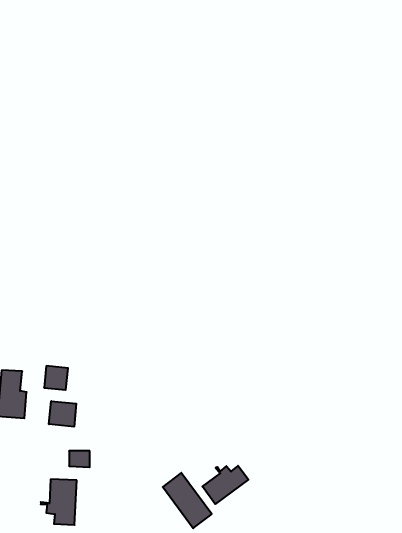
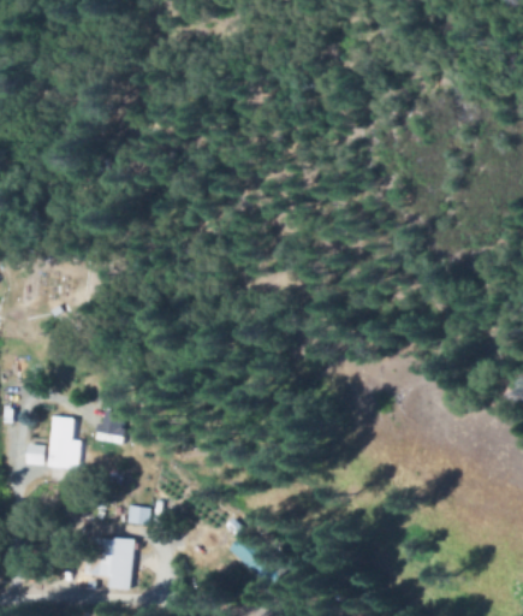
building: [49,401,76,427] -> none
building: [202,466,248,504] -> none

